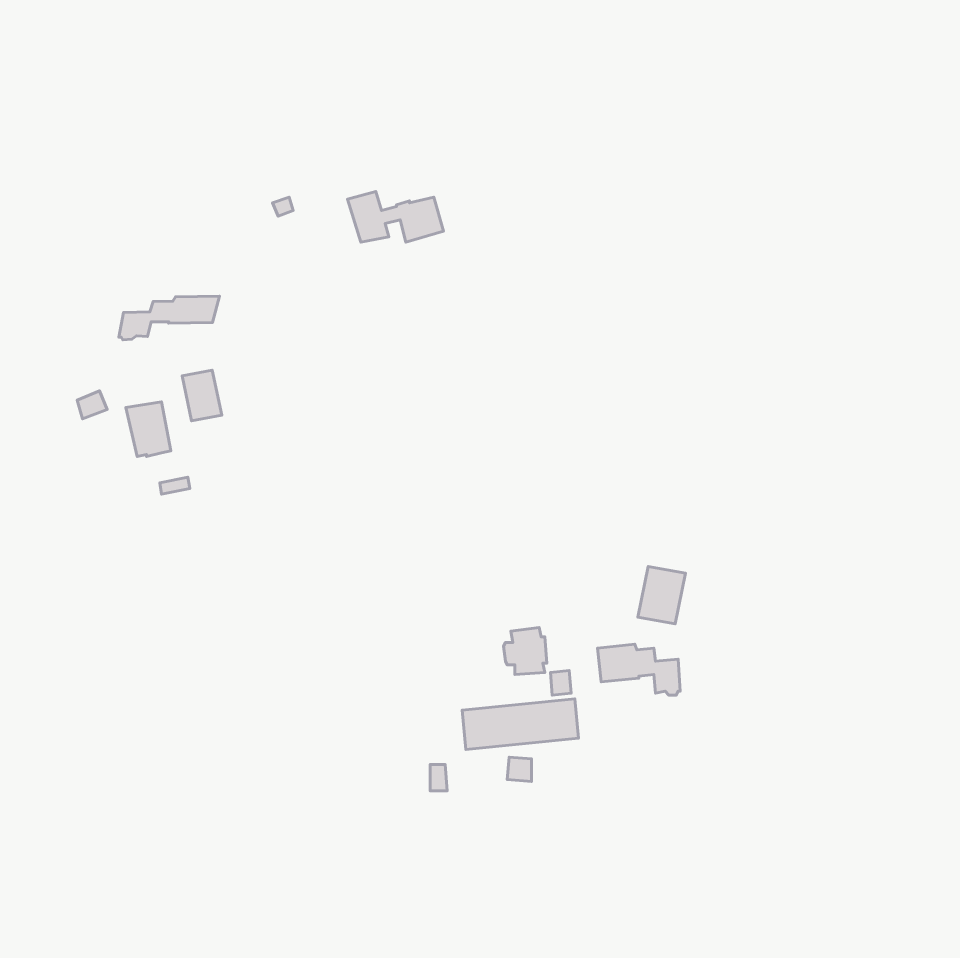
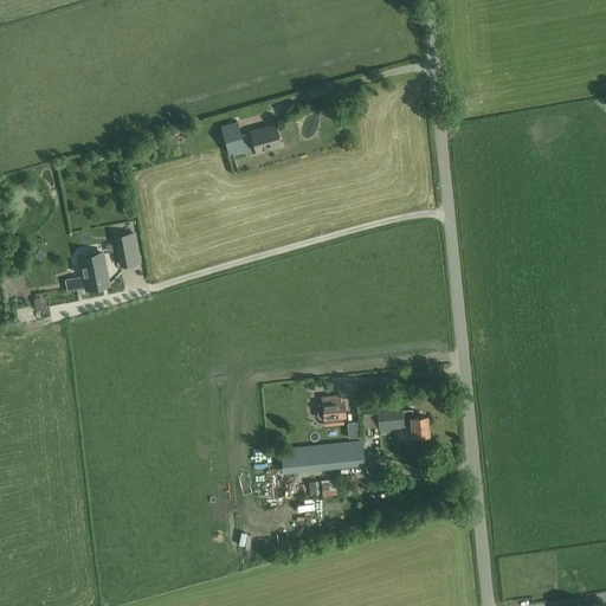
building: [119,296,220,340] -> none
building: [638,566,685,624] -> none

